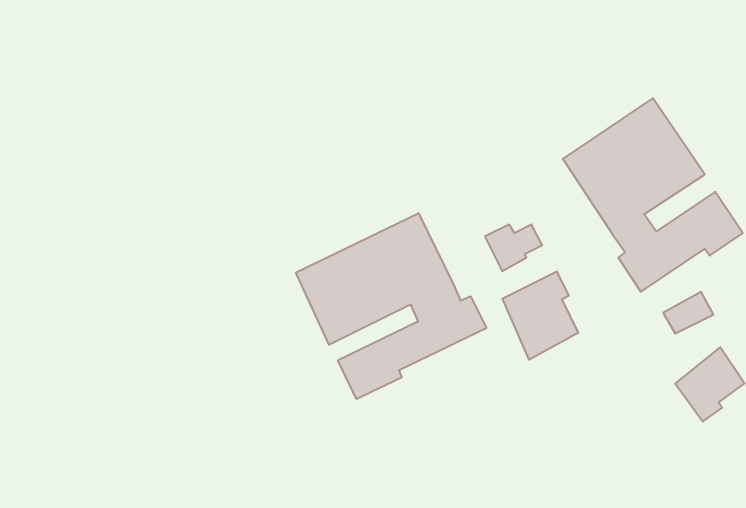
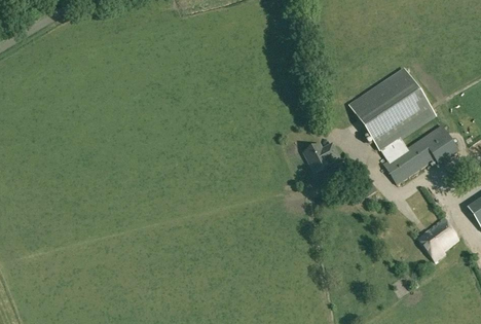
building: [296,213,486,399] -> none
building: [503,271,578,360] -> none

